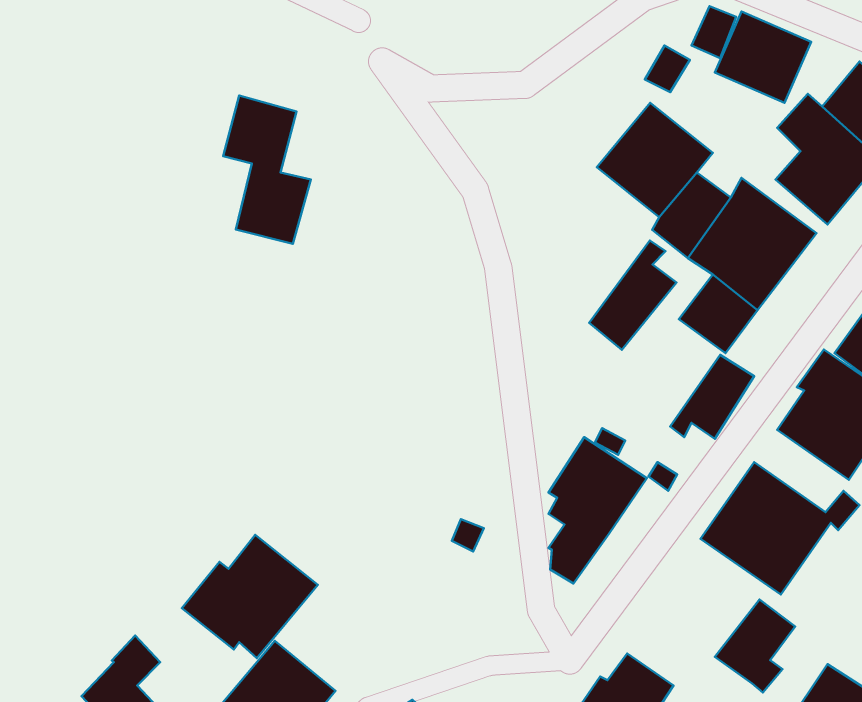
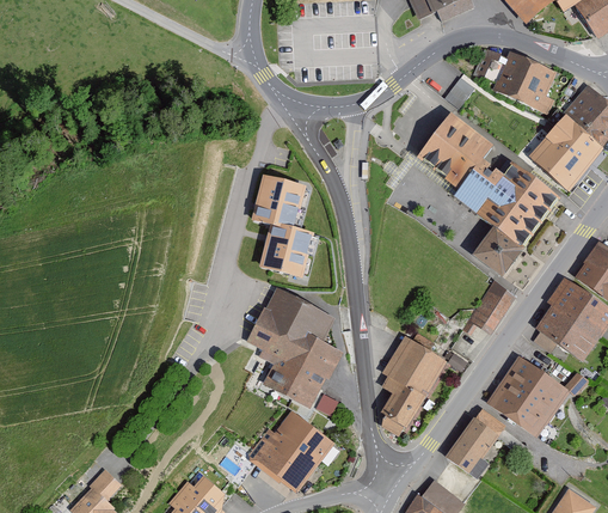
building: [223,96,311,244] -> [254,171,313,270]
building: [589,240,676,350] -> none
building: none -> [245,286,340,410]
building: [182,535,318,658] -> [242,409,333,491]
building: [715,600,795,692] -> [444,416,498,478]

